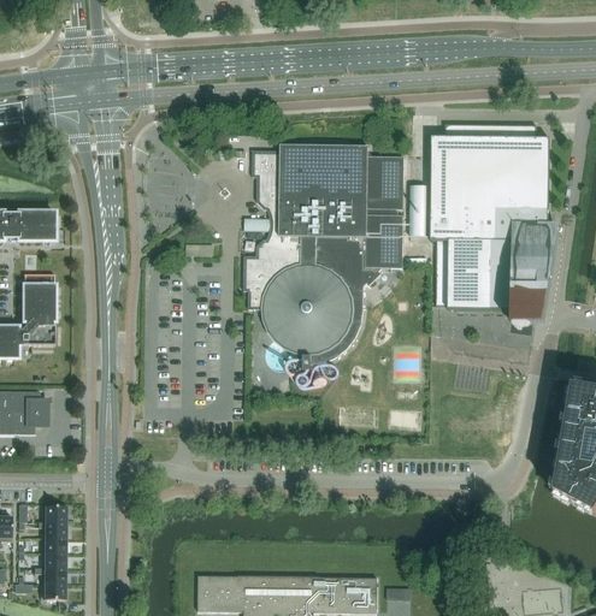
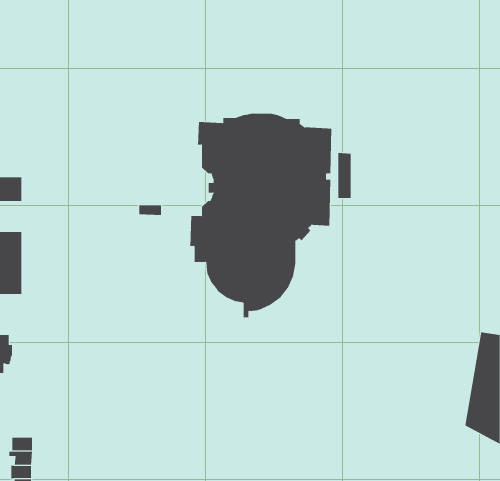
building: [431,124,559,324] -> none

